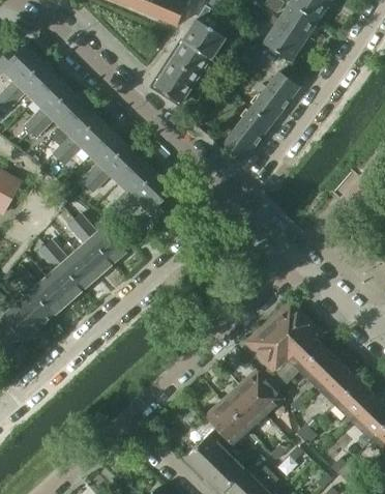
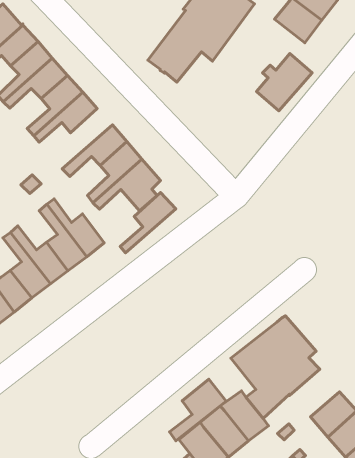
building: [223,108,271,161] -> none
building: [80,133,126,187] -> [120,192,176,253]
building: [298,347,342,389] -> none
building: none -> [170,379,226,441]

